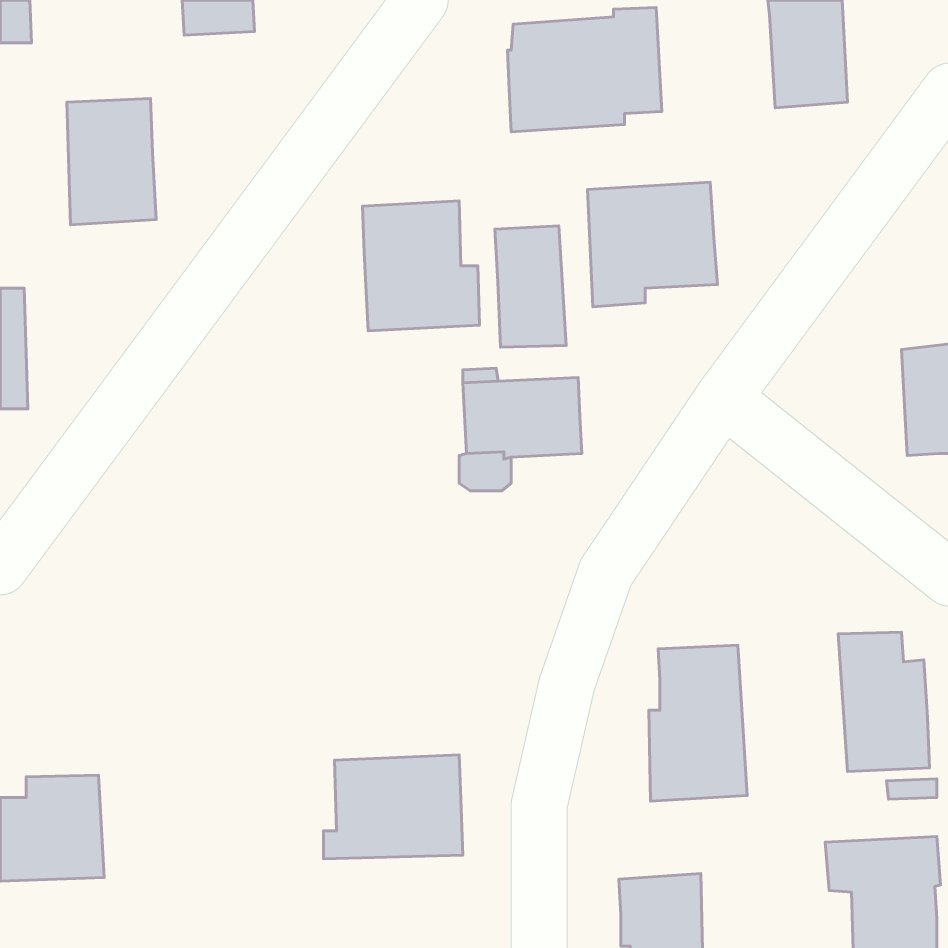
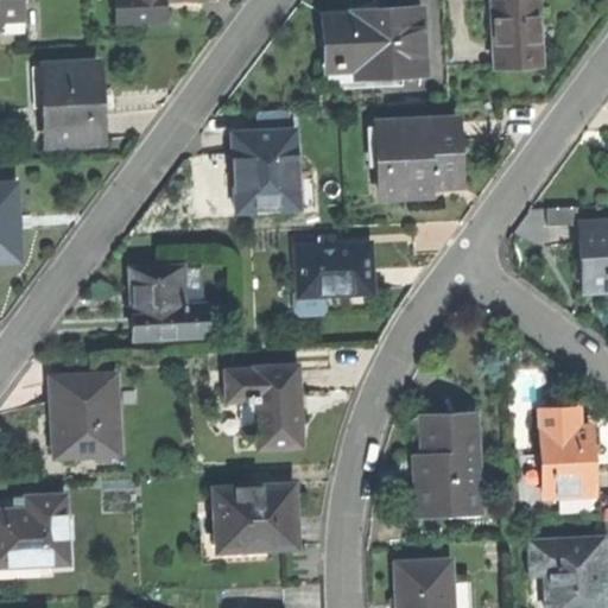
building: [495,226,566,347] -> none
building: none -> [131,266,205,337]
building: none -> [226,365,303,448]
building: none -> [52,375,119,456]

